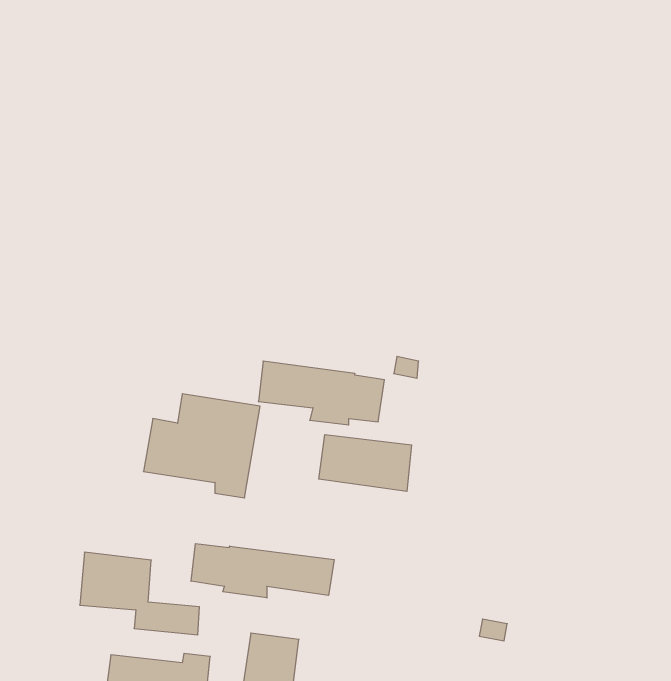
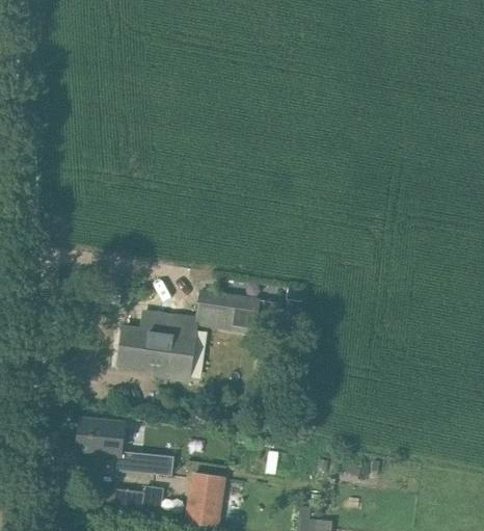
building: [319,435,412,491] -> none
building: [191,544,334,598] -> none

